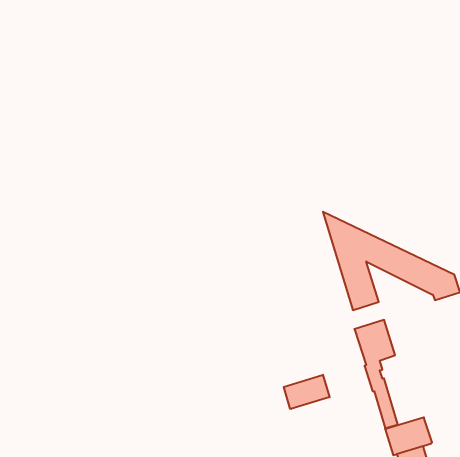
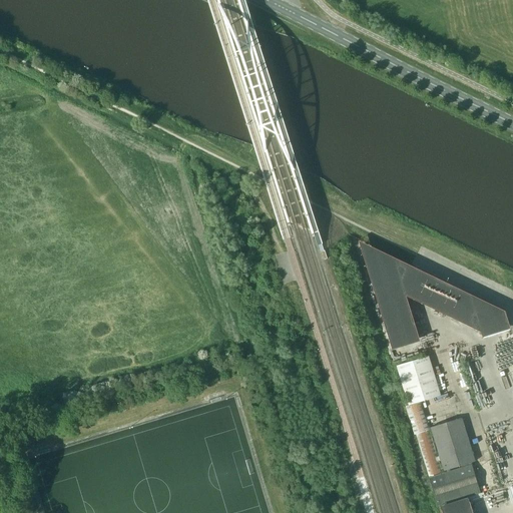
building: [284,375,330,409] -> none
building: none -> [430,422,474,475]

